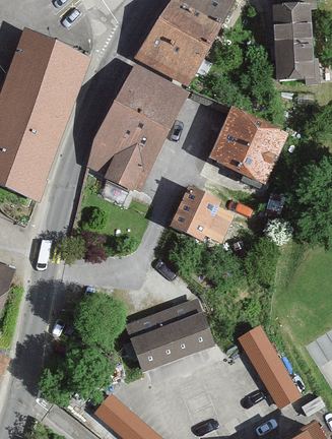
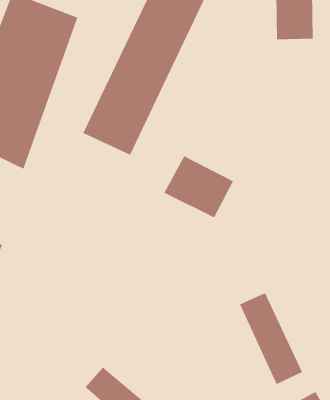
building: [202,110,287,192] -> none
building: [128,296,207,365] -> none

